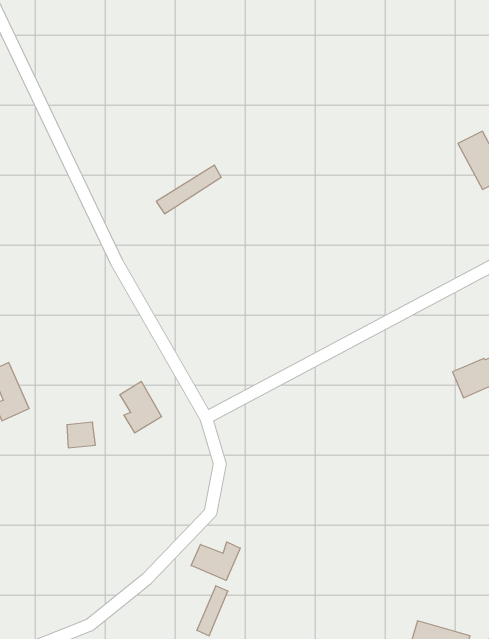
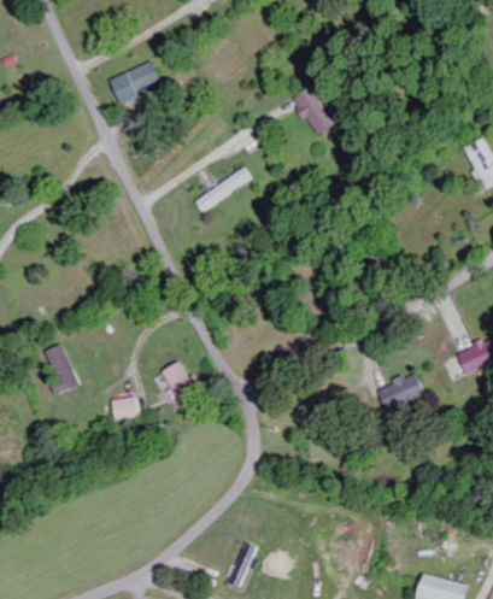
building: none -> [108,61,160,101]
building: none -> [290,84,334,134]
building: none -> [376,372,425,413]
building: [191,542,240,580] -> none

